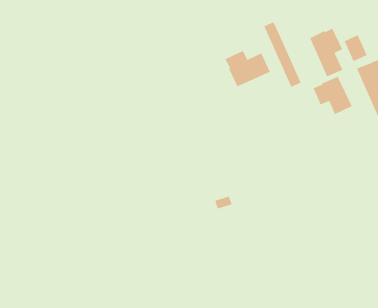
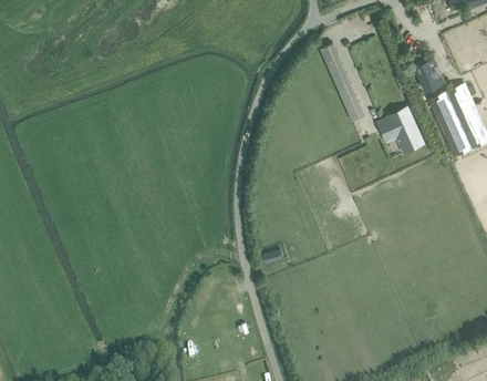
building: [309,28,343,77] -> none
building: [225,50,270,87] -> none

